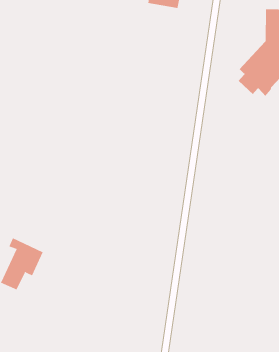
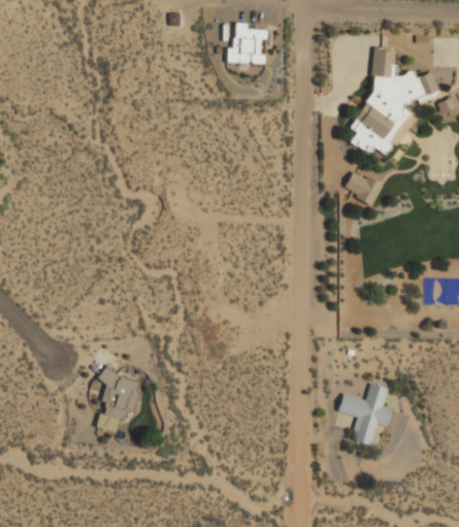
building: none -> [342,168,385,206]
building: none -> [338,384,392,444]

